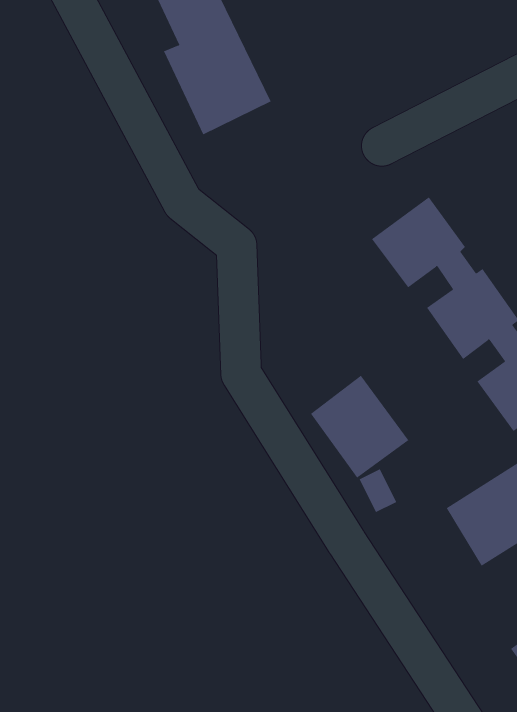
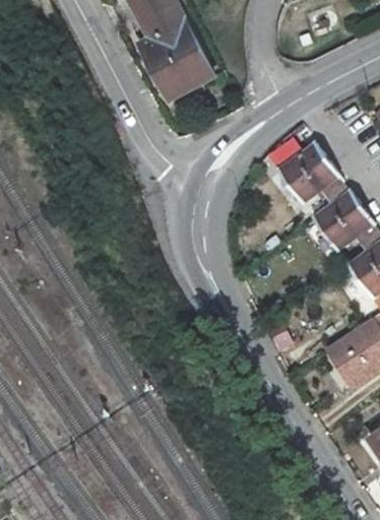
building: [310,375,409,478] -> none

